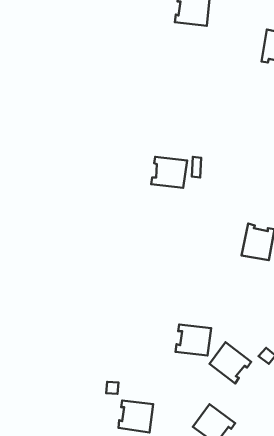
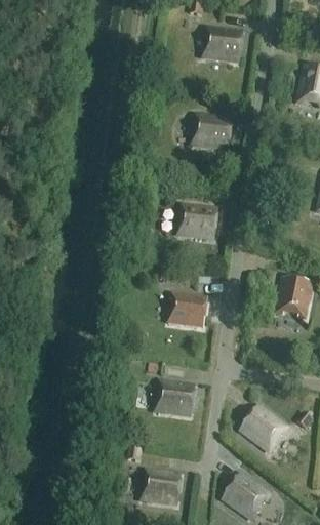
building: none -> [192,115,231,149]
building: none -> [168,292,206,327]
building: [175,324,211,355] -> [155,381,194,415]

